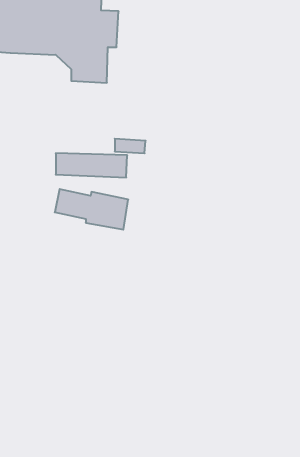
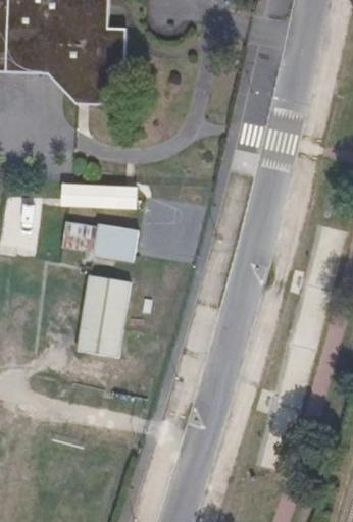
building: none -> [72,273,131,358]

